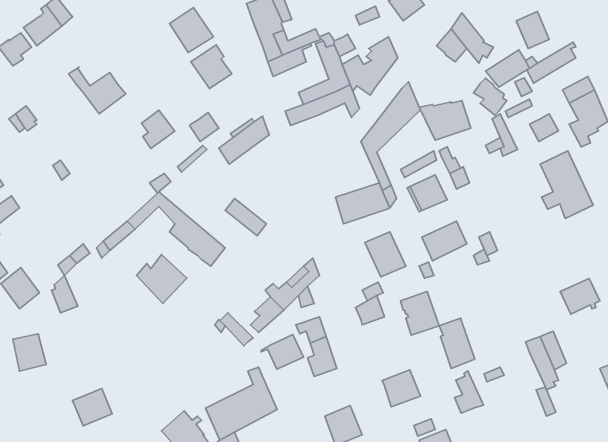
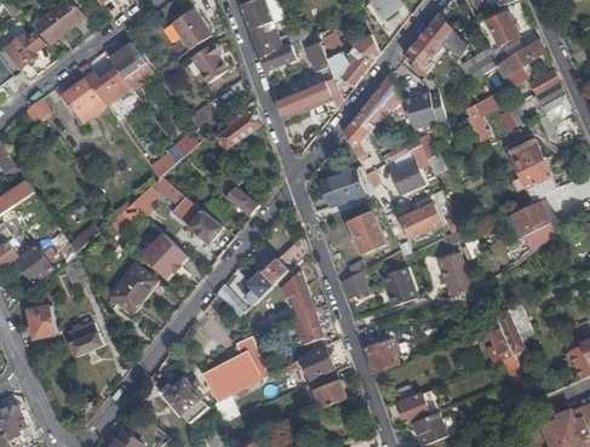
building: [474,78,507,115] -> [402,42,433,76]
building: none -> [61,78,105,122]
building: [142,110,175,148] -> [114,42,144,78]
building: [560,278,600,314] -> [512,201,549,234]
building: none -> [110,264,155,311]
building: [439,318,475,368] -> [439,251,471,297]
building: [261,335,304,369] -> [294,346,333,378]
building: [454,371,484,413] -> [486,322,512,361]
building: [72,389,112,426] -> [65,321,102,355]

